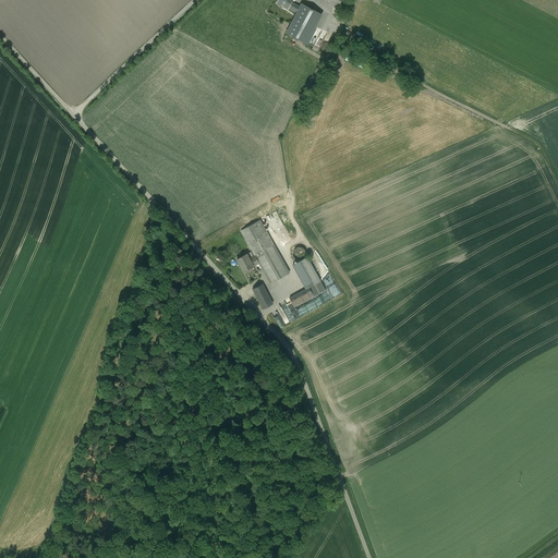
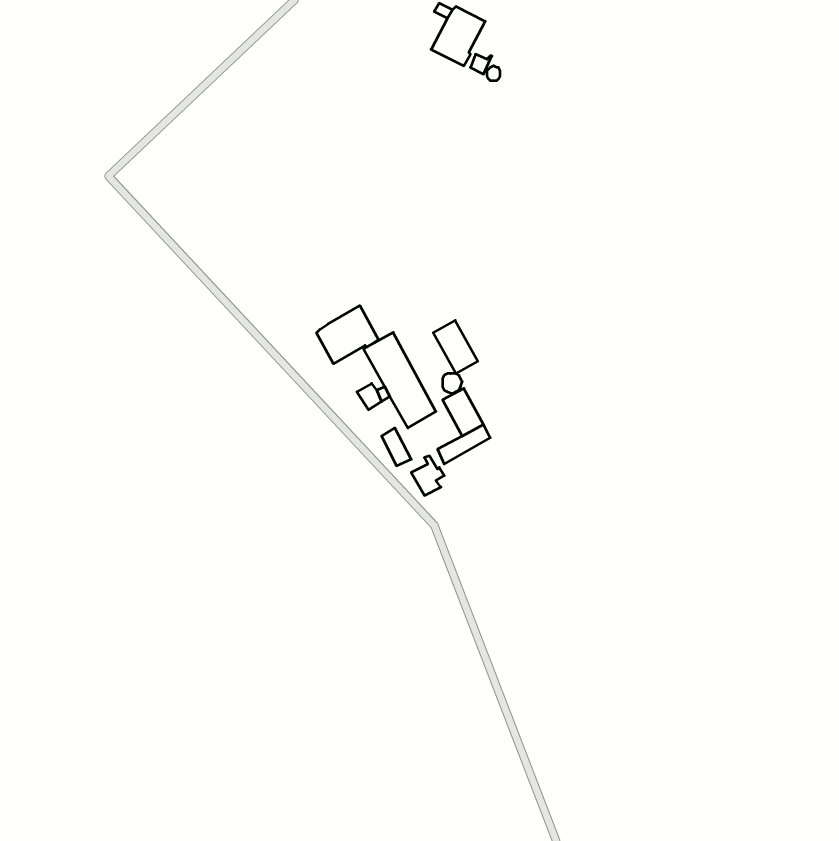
building: none -> [317,306,379,364]
building: none -> [433,320,478,374]

